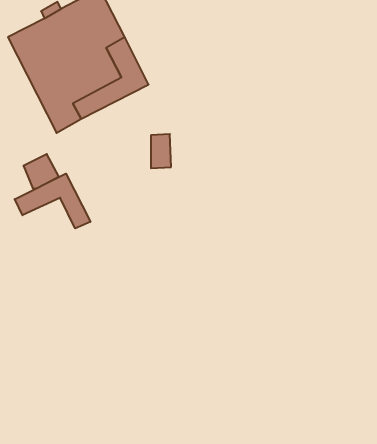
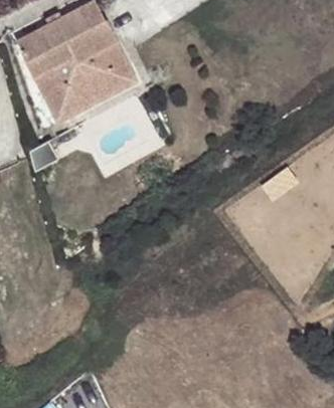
building: [15,174,90,228] -> none

